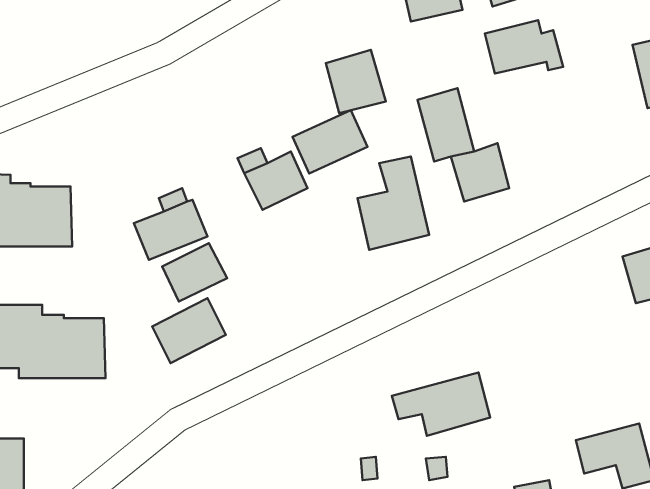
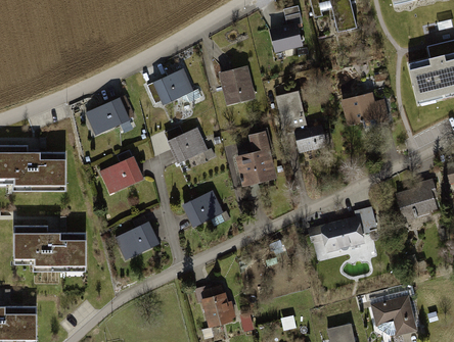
building: [485,20,563,74] -> [342,93,390,126]
building: none -> [86,98,132,136]
building: [293,110,368,174] -> [146,70,192,109]
building: [162,243,227,302] -> [180,189,220,225]
building: [392,373,490,436] -> [307,215,367,254]
building: none -> [200,286,237,329]

